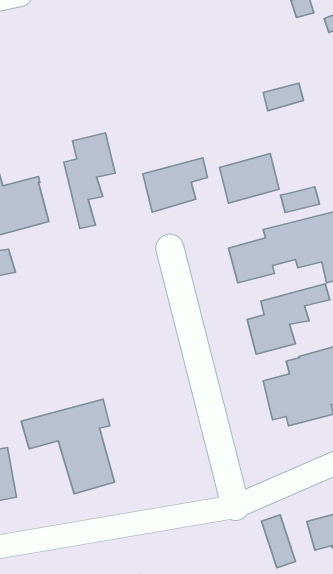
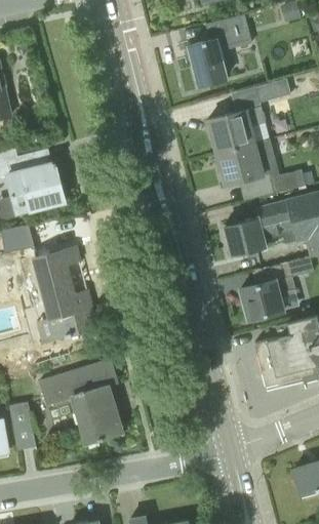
building: none -> [188,15,251,86]
building: [64,133,115,229] -> none
building: [143,158,207,212] -> [207,106,265,154]
building: none -> [36,247,97,344]
building: [262,515,295,568] -> none

